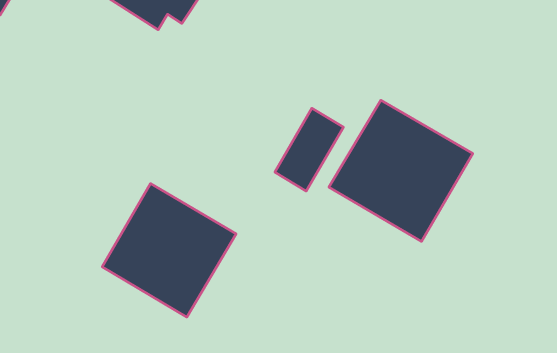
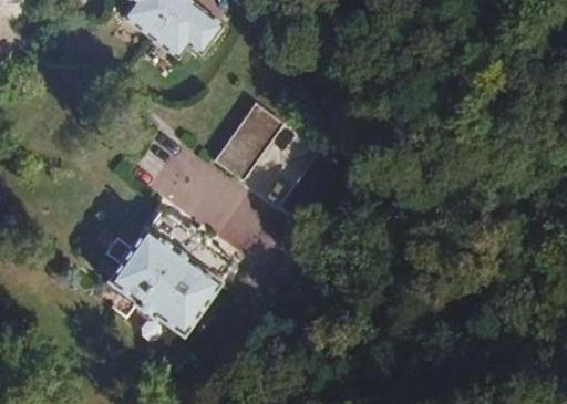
building: none -> [215,102,286,180]
building: [329,100,473,242] -> none

